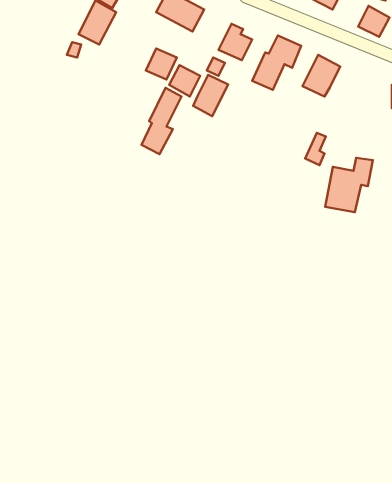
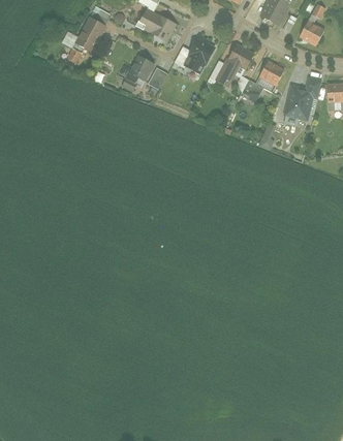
building: [193,75,228,116] -> none
building: [141,88,182,154] -> none
building: [325,158,373,212] -> [282,77,320,121]

